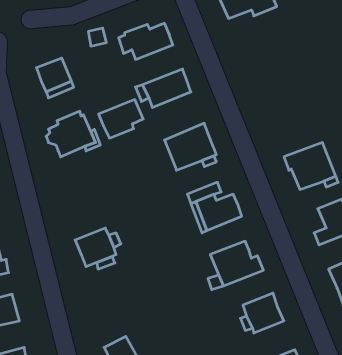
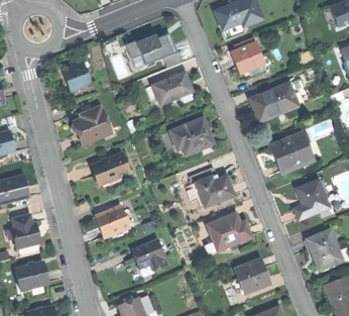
building: none -> [232,42,265,74]
building: none -> [250,83,298,120]
building: [99,100,143,138] -> [91,153,128,186]
building: none -> [132,239,166,270]

